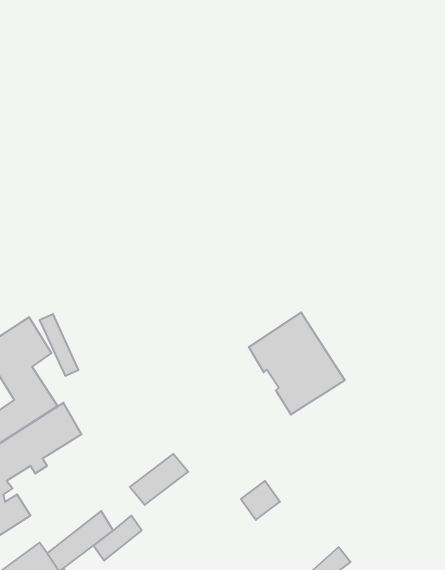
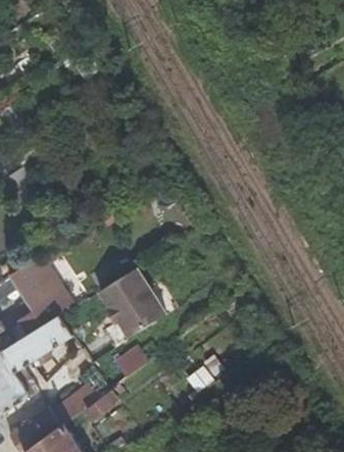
building: [249,312,345,415] -> [97,267,162,337]

